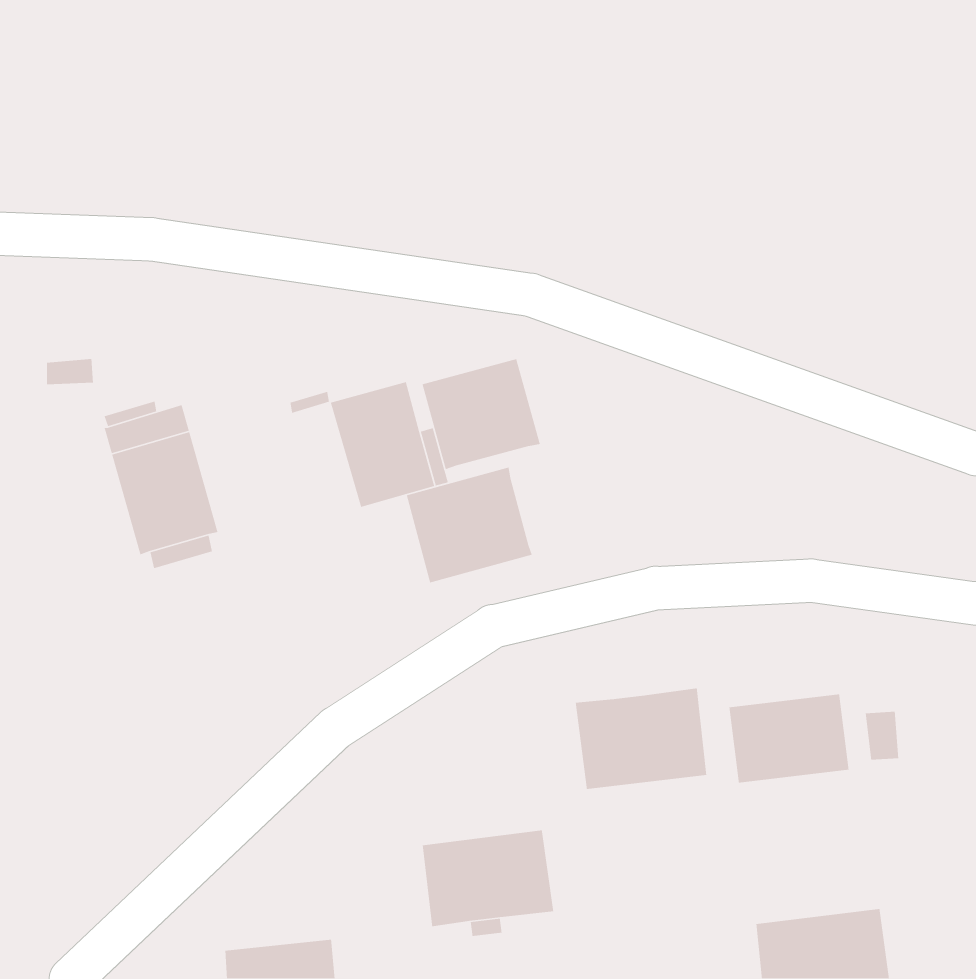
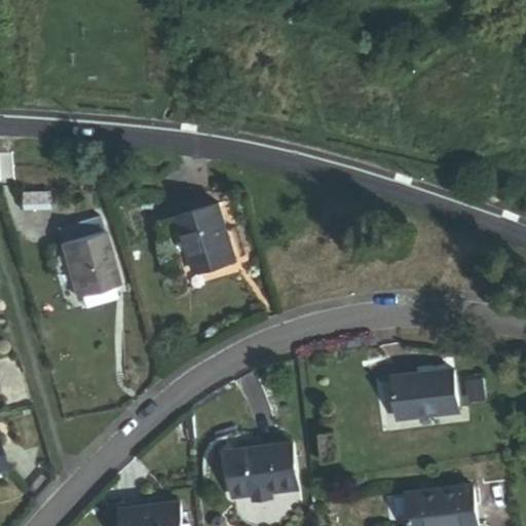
building: [421,358,541,470] -> none
building: [406,467,533,583] -> none
building: [575,687,707,790] -> none

